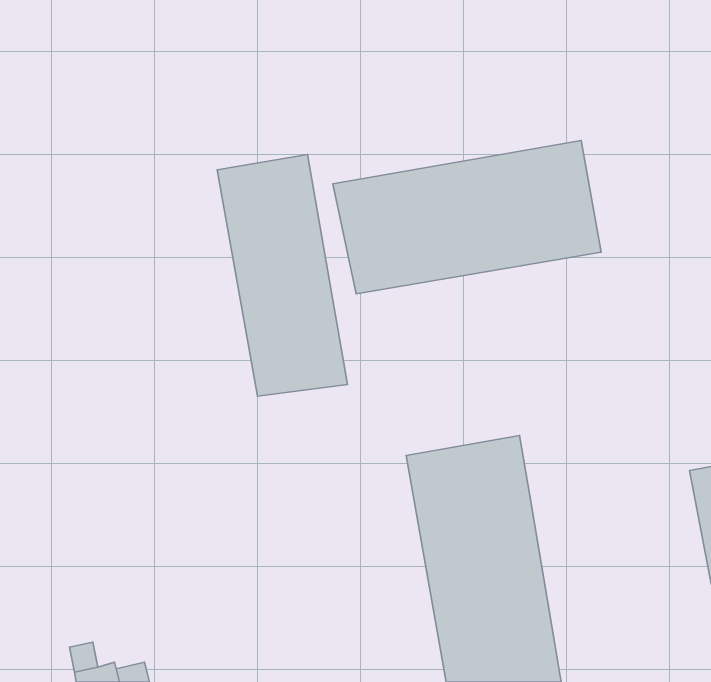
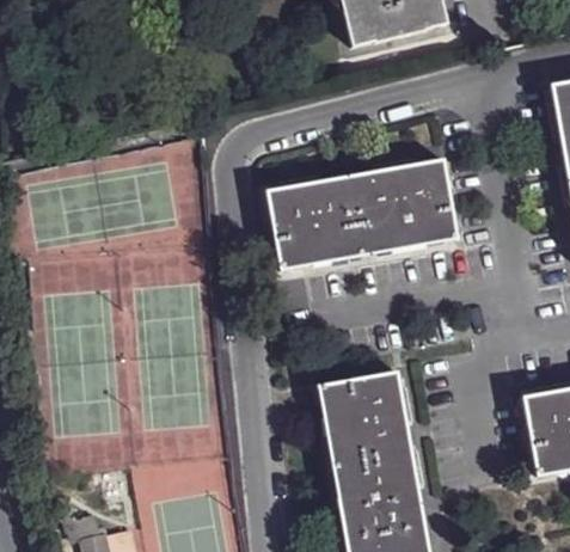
building: [217,155,347,396] -> none

